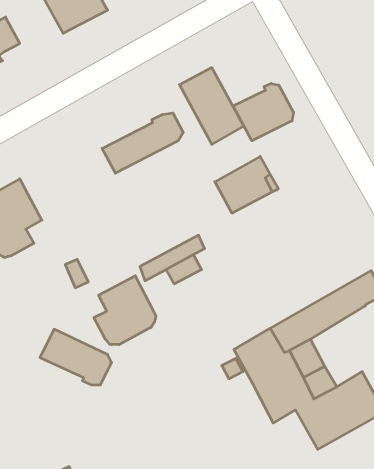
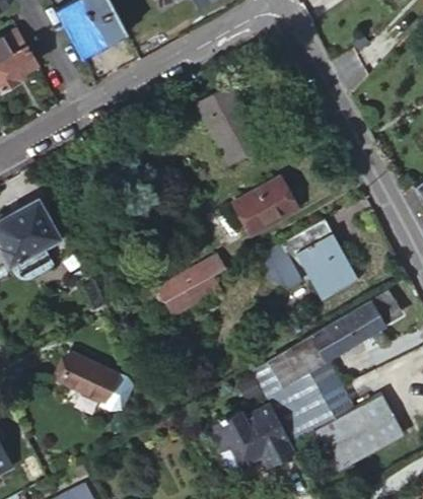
building: [233,83,294,141] -> none
building: [102,113,183,173] -> none
building: none -> [263,221,357,299]
building: [94,276,156,345] -> none
building: none -> [210,405,297,471]

